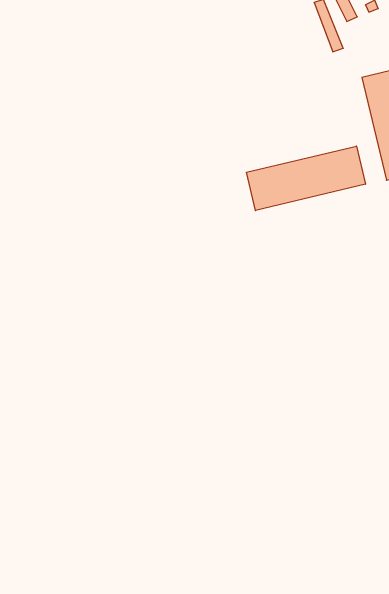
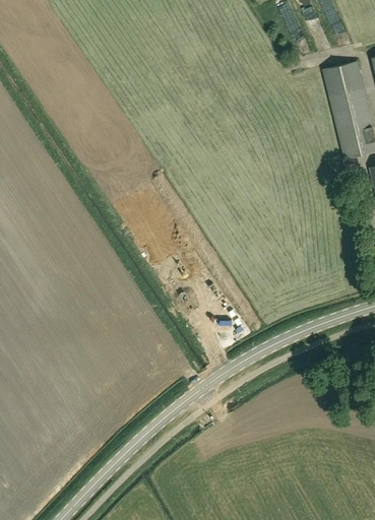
building: [247,146,365,211] -> none

